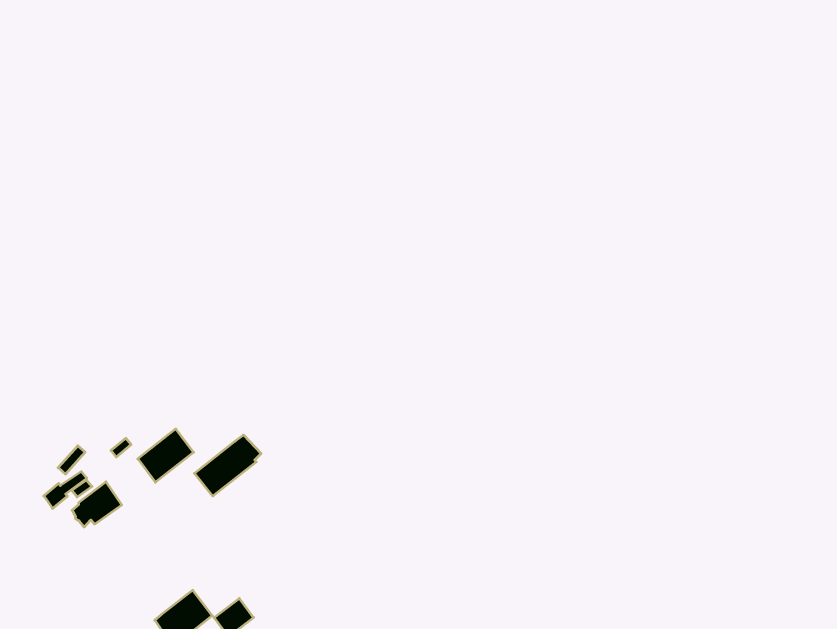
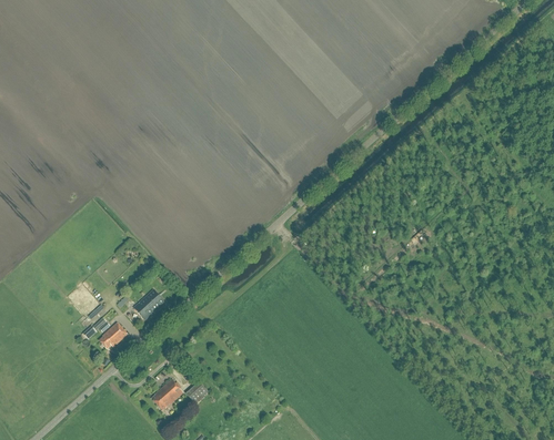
building: [194,435,261,496] -> none

